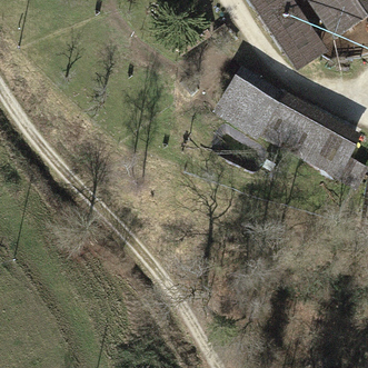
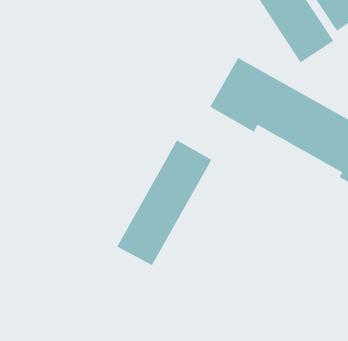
building: none -> [117,140,212,266]

